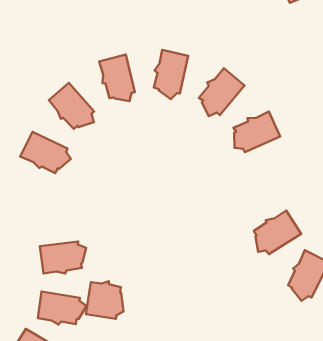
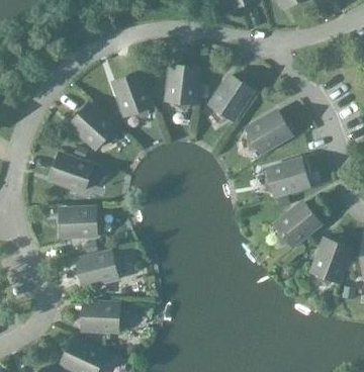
building: none -> [263,161,307,195]
building: none -> [58,209,101,238]
building: [86,281,124,319] -> none

